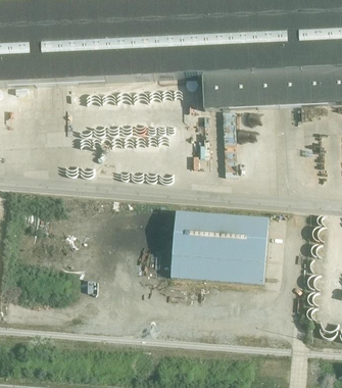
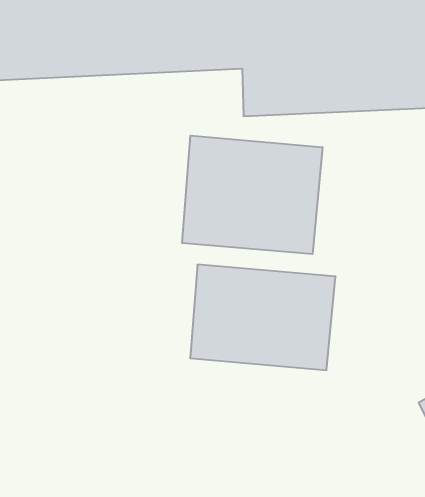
building: none -> [182,136,322,254]

